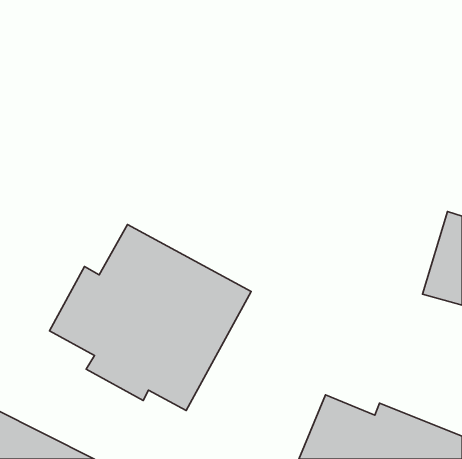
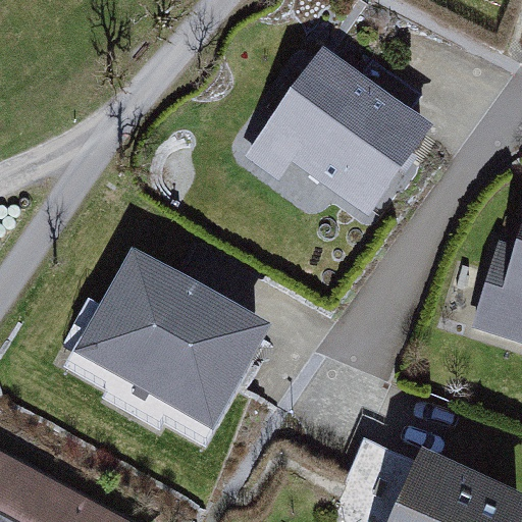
building: none -> [237,45,443,228]

